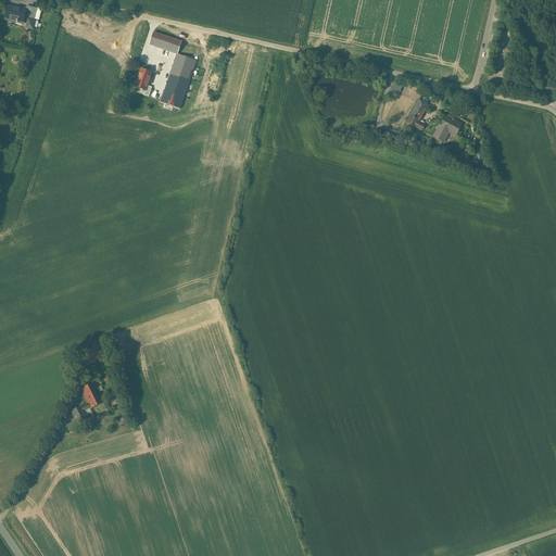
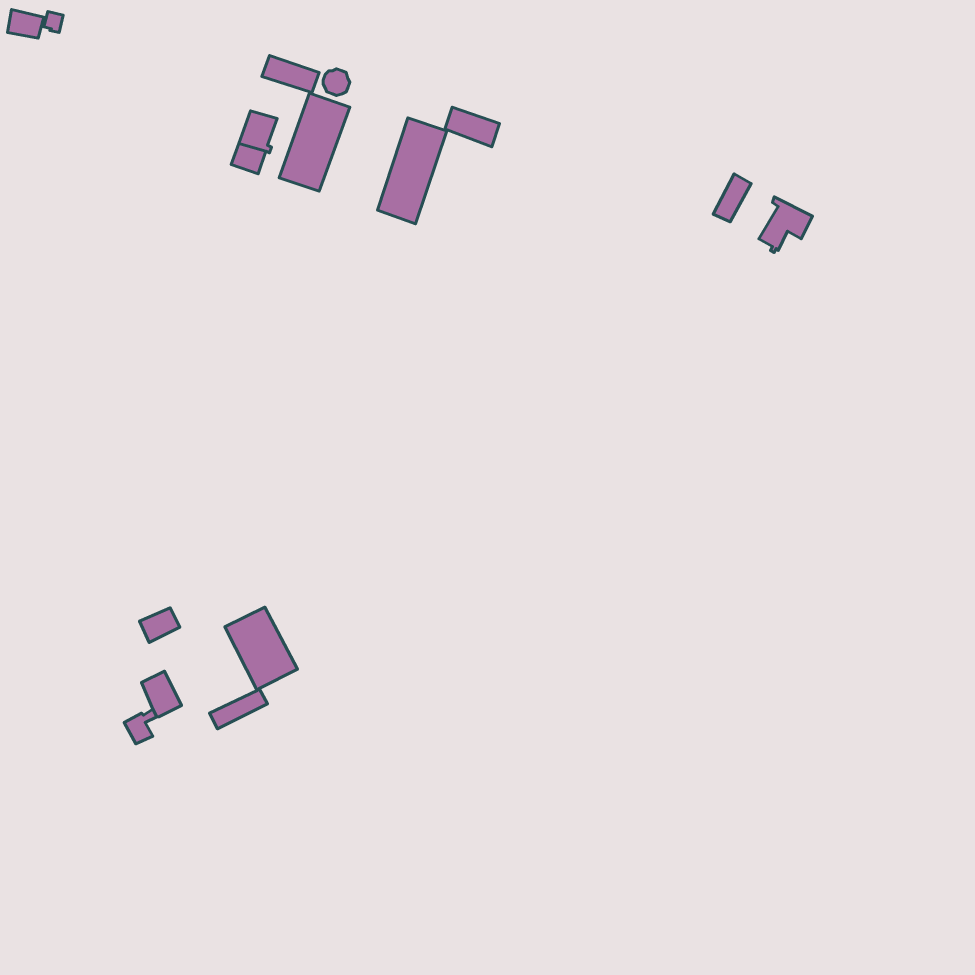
building: none -> [377,107,500,224]
building: none -> [209,607,297,729]

